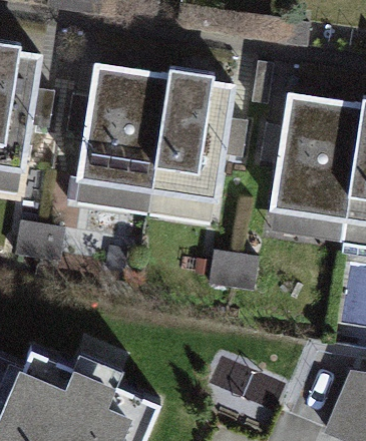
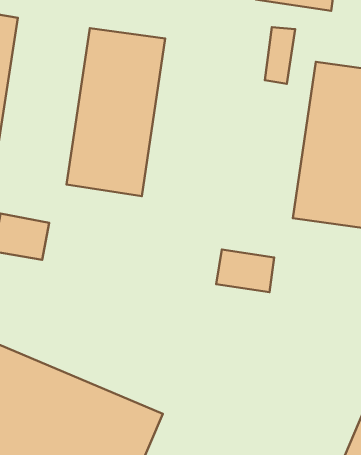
building: [144,73,229,218] -> none

